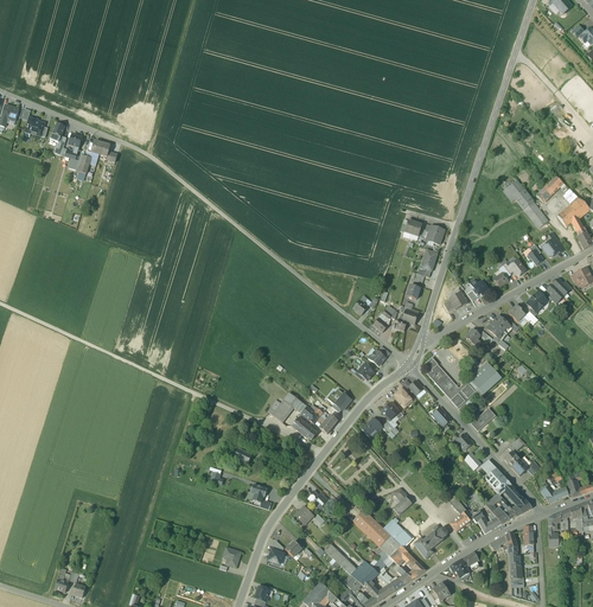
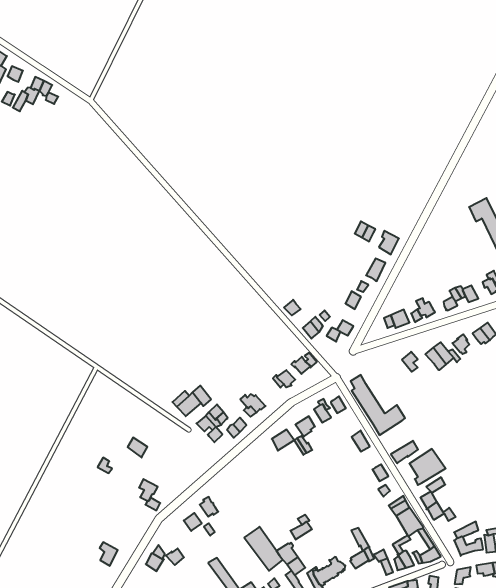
building: [468,362,502,396] -> [409,449,446,485]

